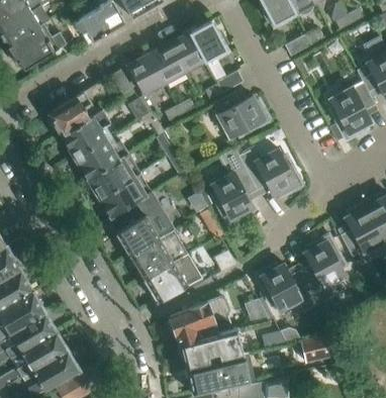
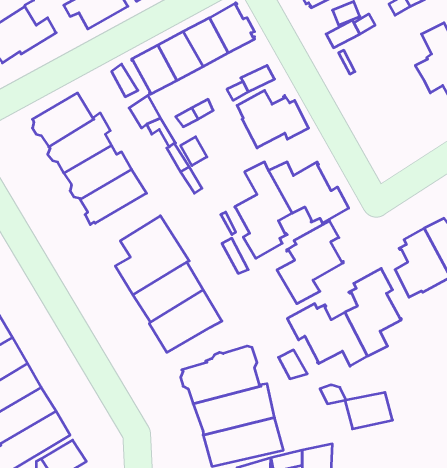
building: [329,83,376,141] -> none
building: [99,174,152,217] -> none
building: none -> [277,221,343,304]

